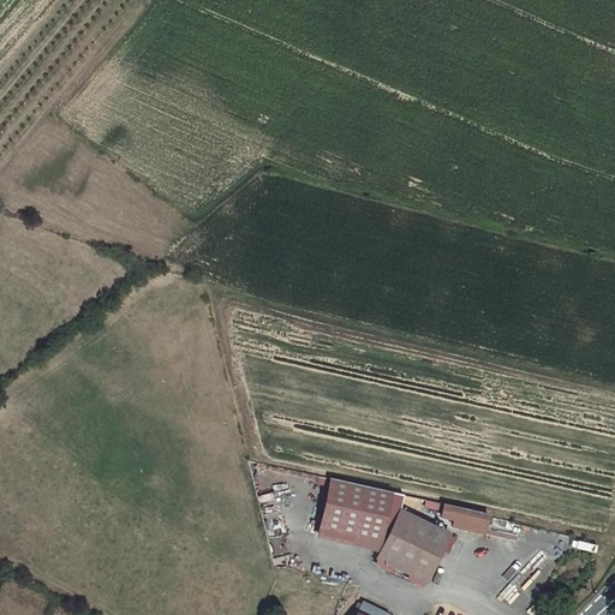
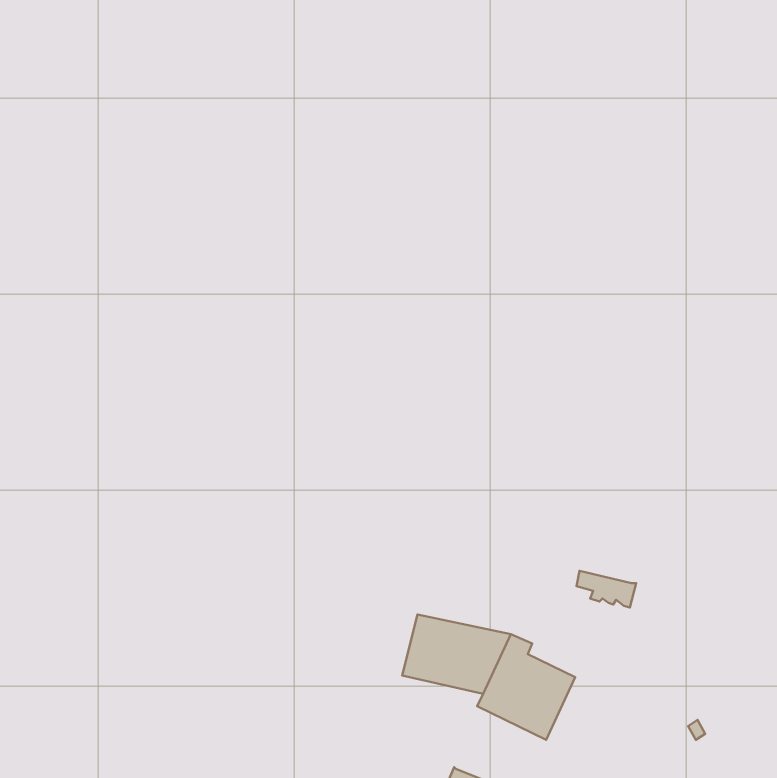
building: [444,504,491,533] -> [576,571,636,608]

